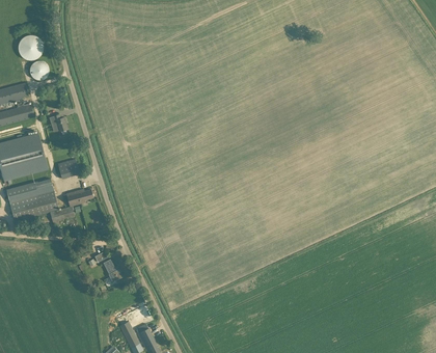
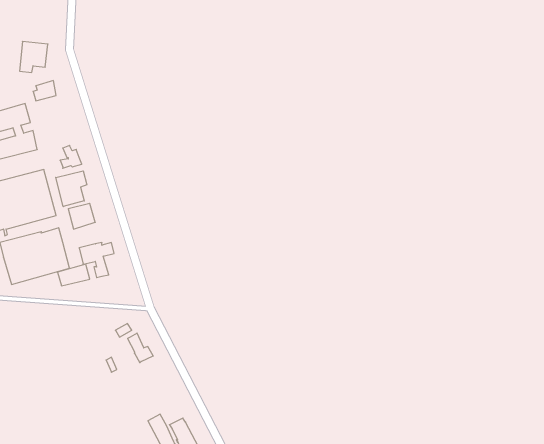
building: none -> [56,171,87,207]

